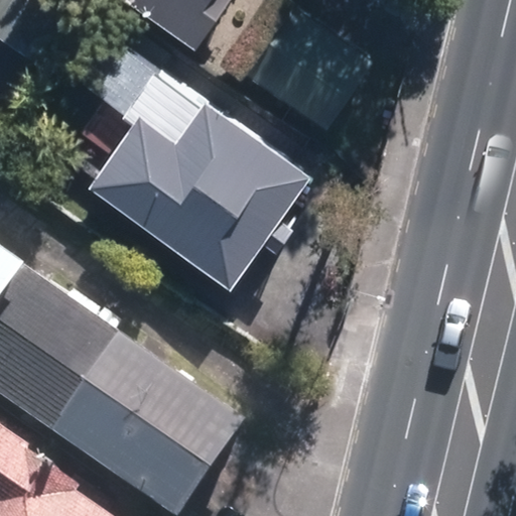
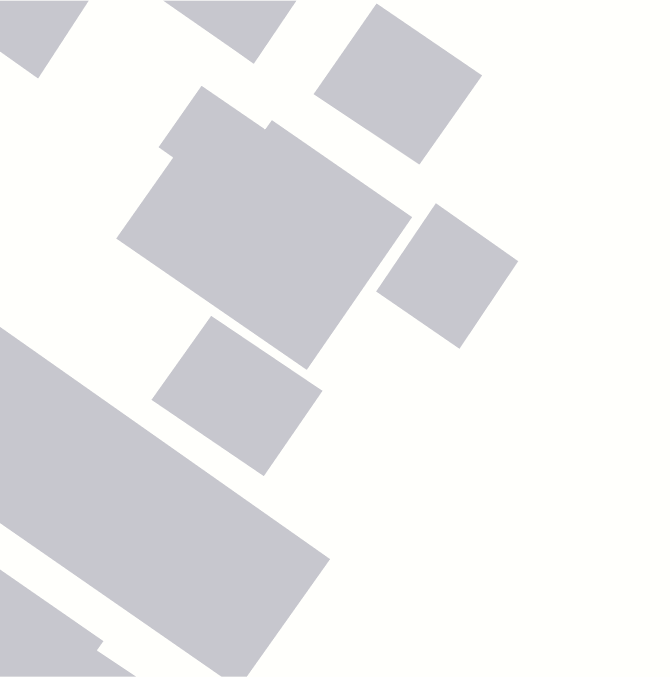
building: none -> [375,202,519,350]
building: none -> [151,315,324,477]

